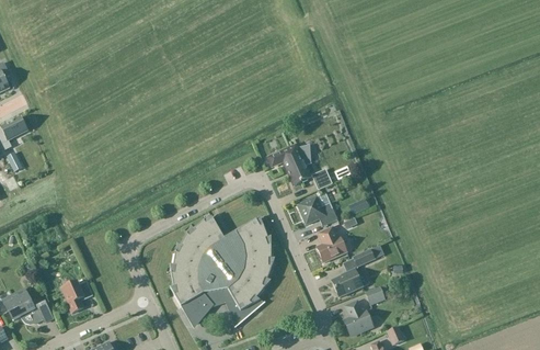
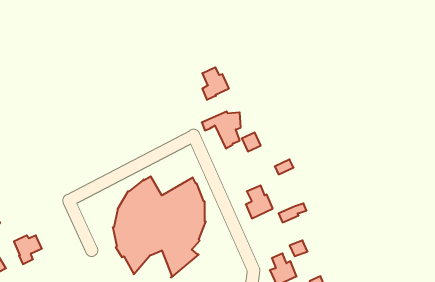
building: none -> [202,67,229,100]
building: [297,193,336,227] -> none
building: [331,270,368,298] -> none

